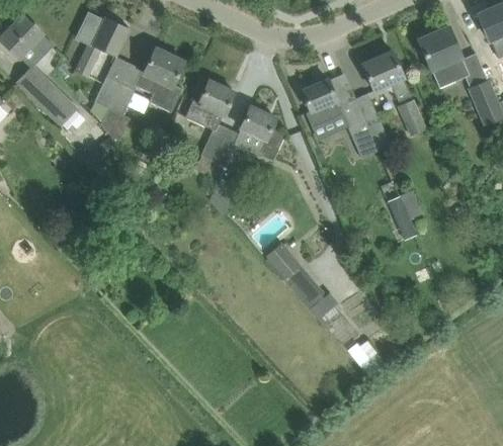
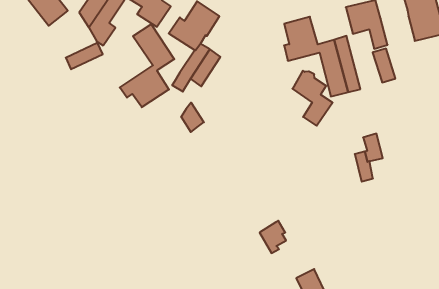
building: [241,105,284,160] -> [292,71,333,126]
building: none -> [120,24,174,107]
building: [265,243,300,279] -> none

